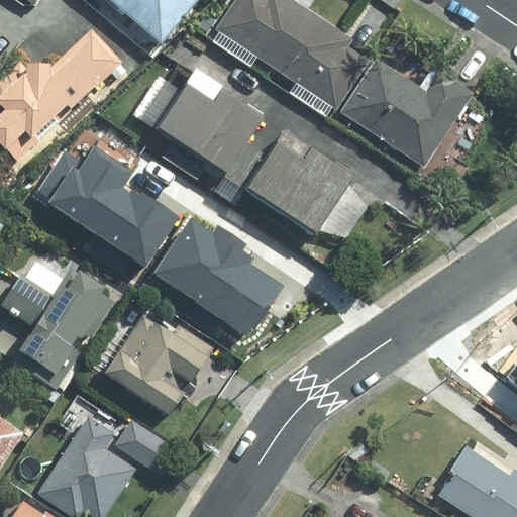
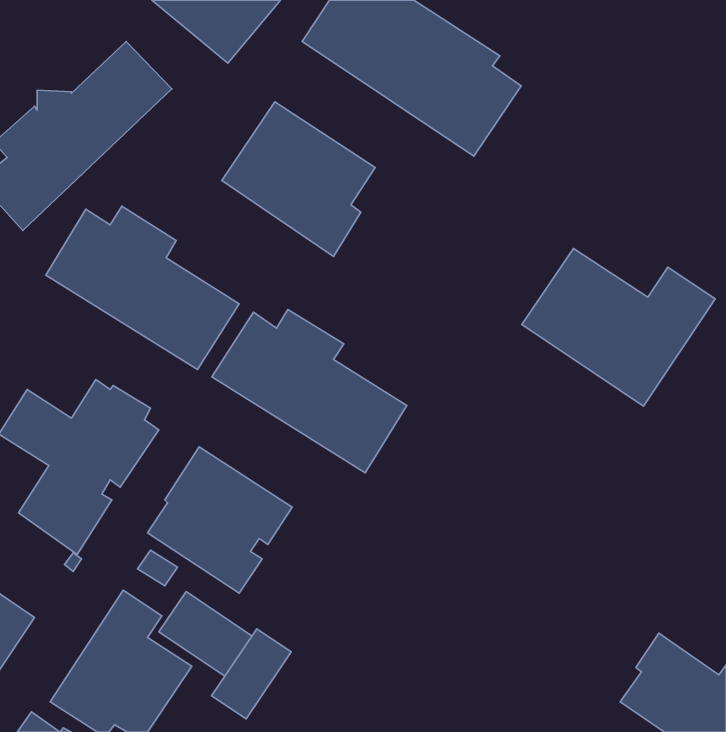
building: [337,59,474,170] -> [522,249,715,406]
building: [235,130,355,235] -> none
building: none -> [212,629,291,719]

